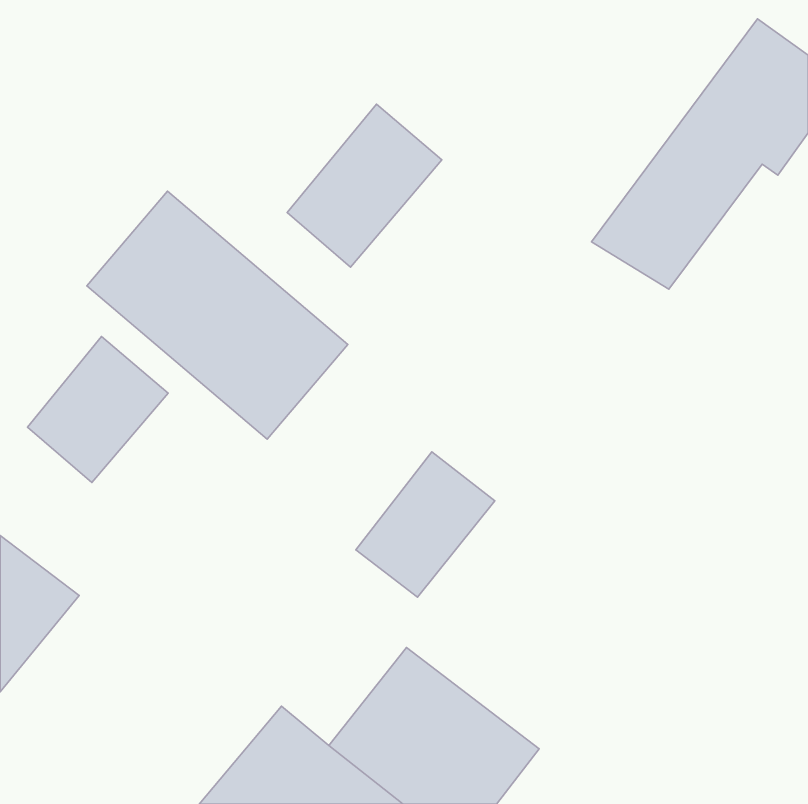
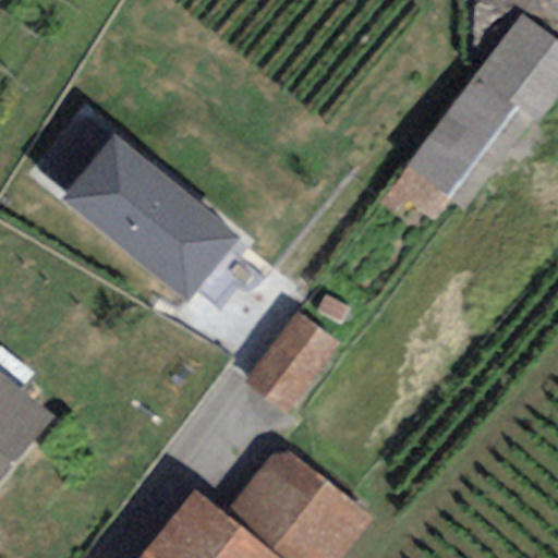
building: [287,104,442,267] -> none
building: [27,336,168,482] -> none

